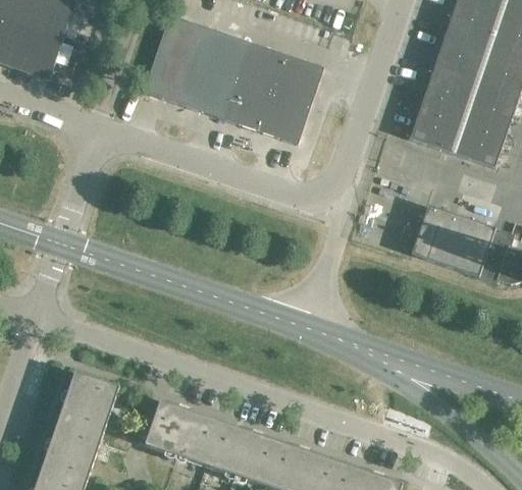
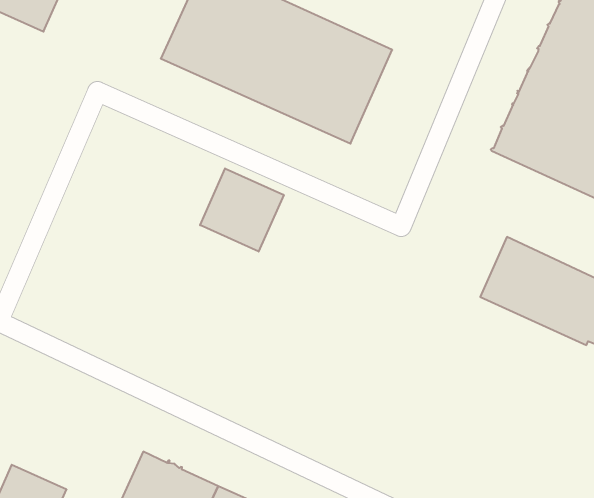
building: none -> [200,168,284,252]
building: [57,372,118,436] -> none

